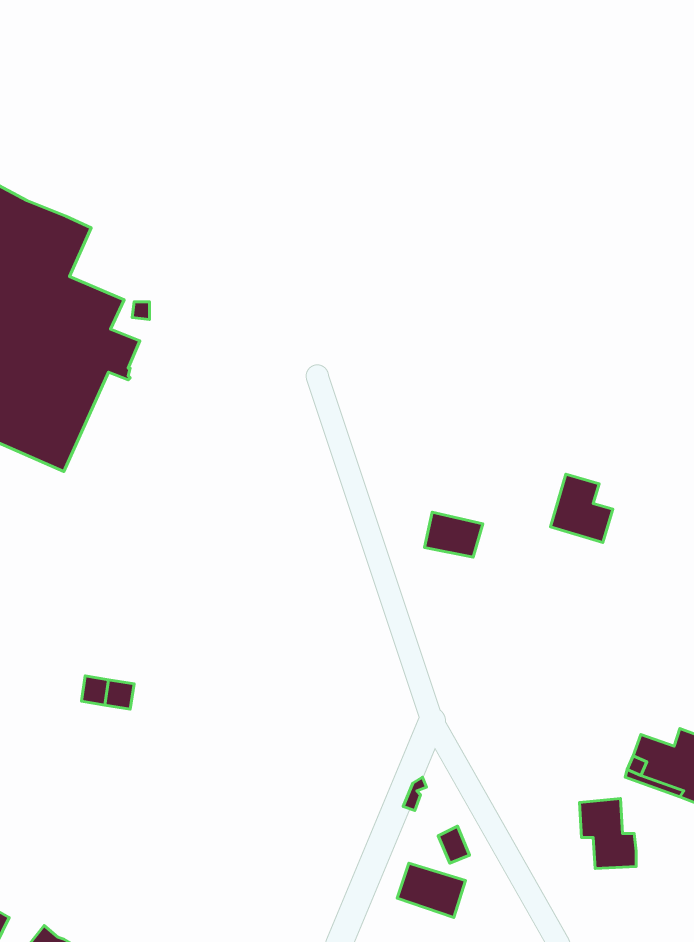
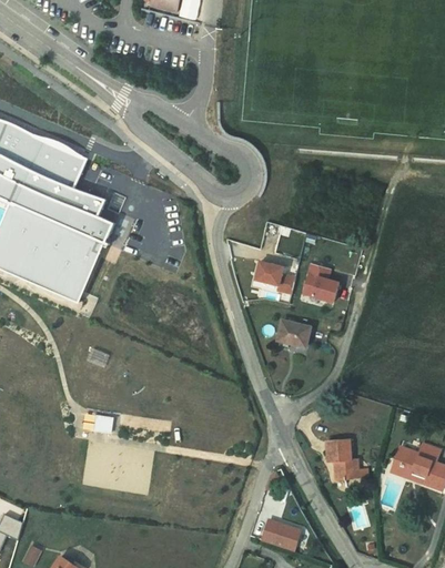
building: none -> [255,261,295,293]
building: [550,474,613,542] -> [303,263,338,302]
building: [580,798,636,869] -> [326,439,358,479]

